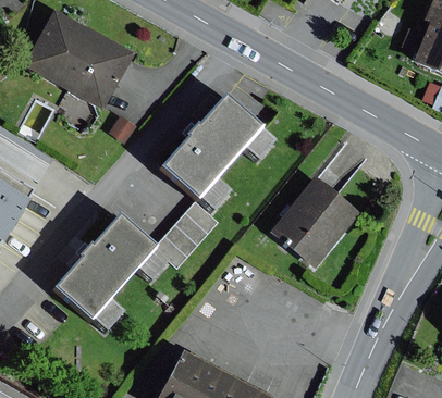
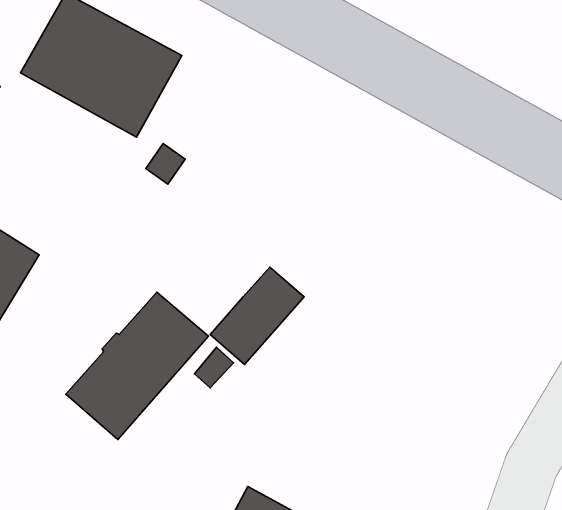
building: [164,96,260,195] -> none
building: [271,173,361,266] -> none

